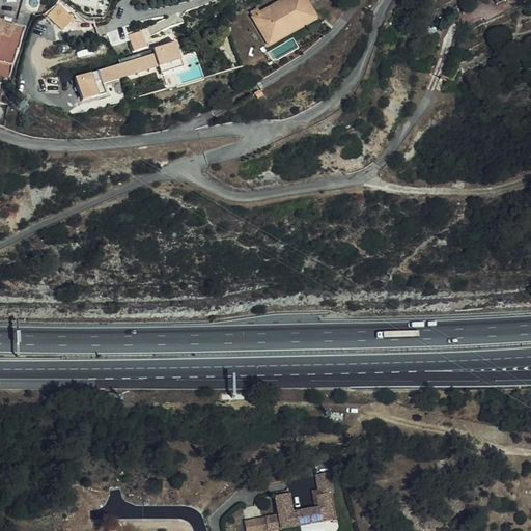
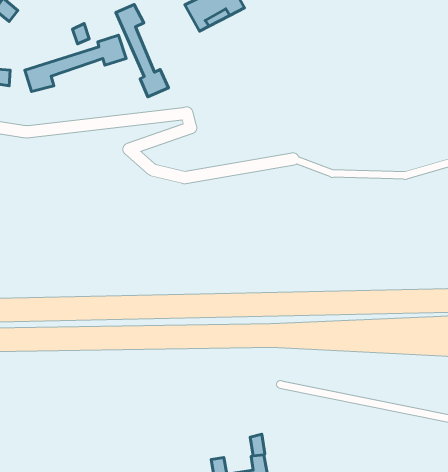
building: none -> [116,4,168,97]

